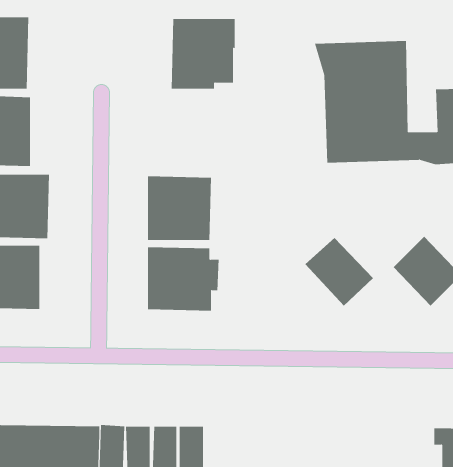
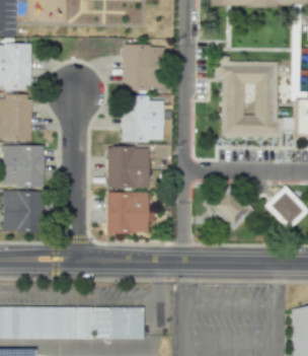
building: none -> [122,94,163,141]

